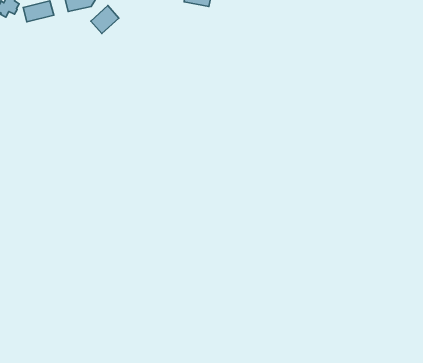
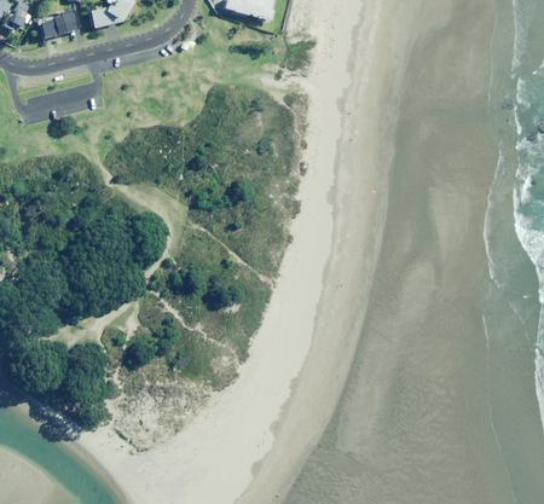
building: [91,6,119,34] -> none

